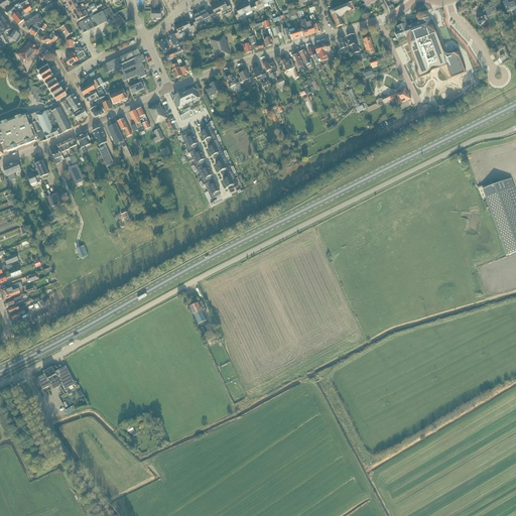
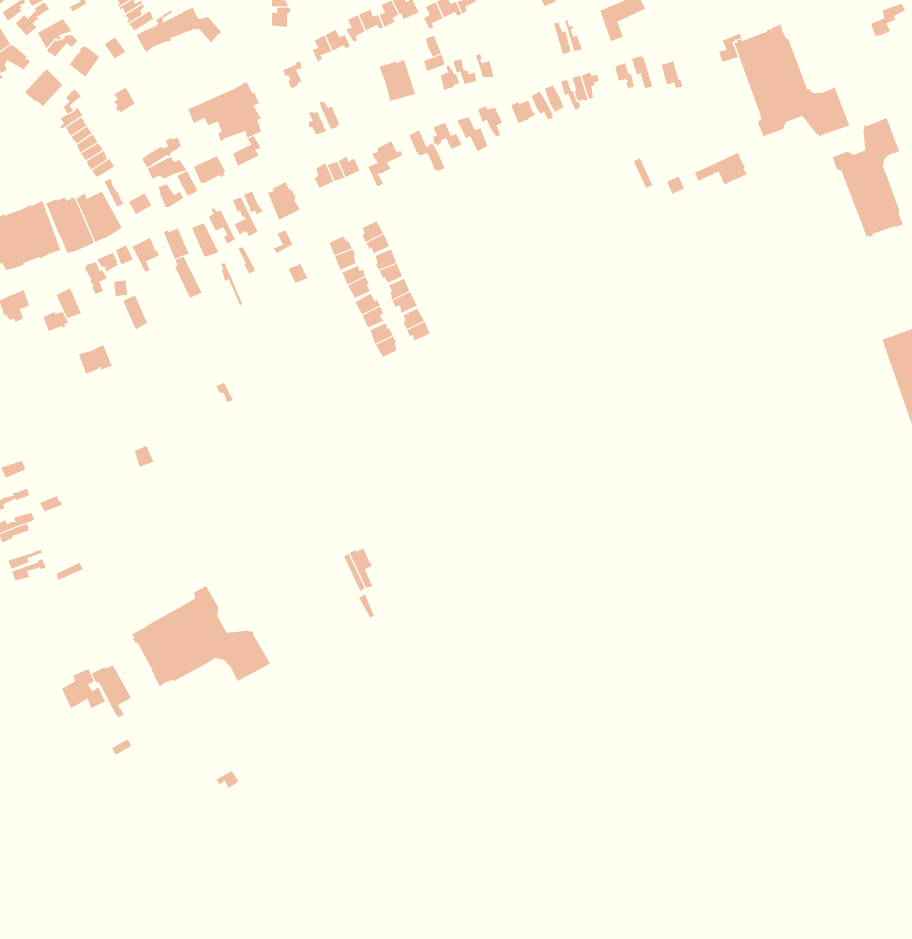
building: none -> [832,117,904,239]
building: none -> [131,585,271,687]

